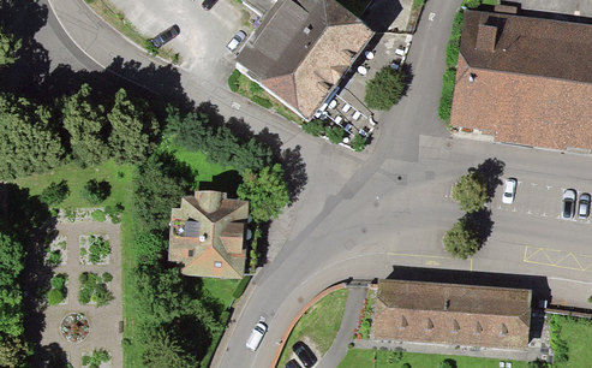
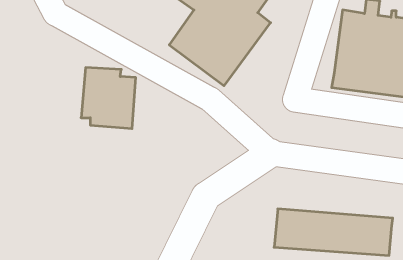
building: [172,194,244,274] -> [81,68,136,129]

